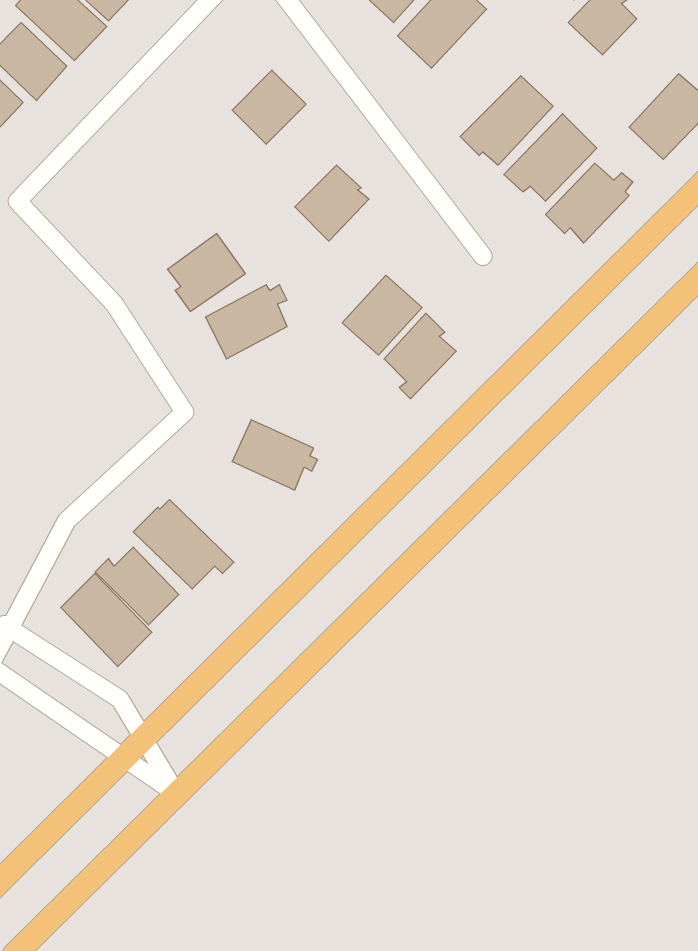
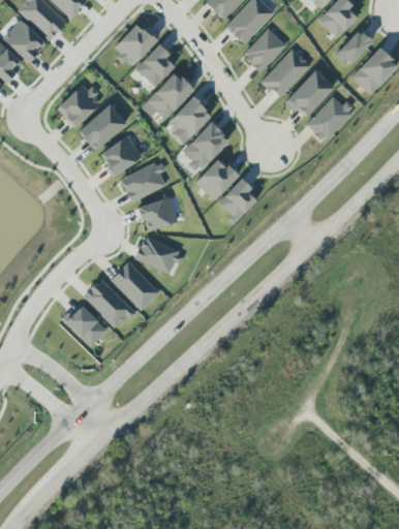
building: none -> [114,24,156,65]
building: none -> [244,28,286,72]
building: none -> [335,31,372,64]
building: none -> [148,73,194,118]
building: none -> [57,84,100,127]
building: none -> [79,103,127,150]
building: none -> [183,122,227,170]
building: none -> [137,196,178,230]
building: [61,573,152,667] -> [110,260,159,311]

